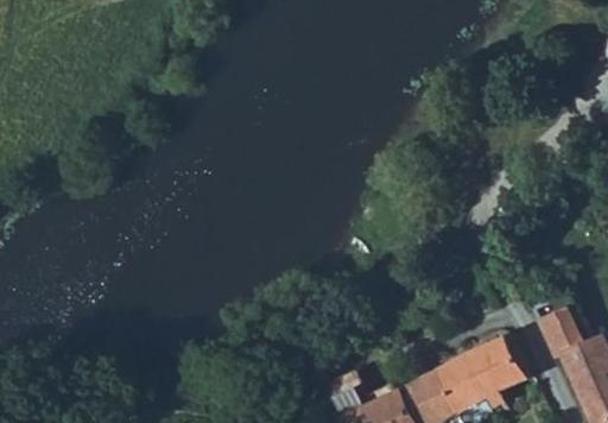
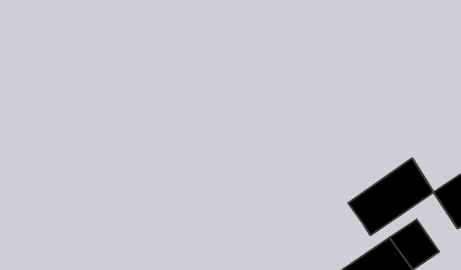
building: none -> [348,158,433,235]

